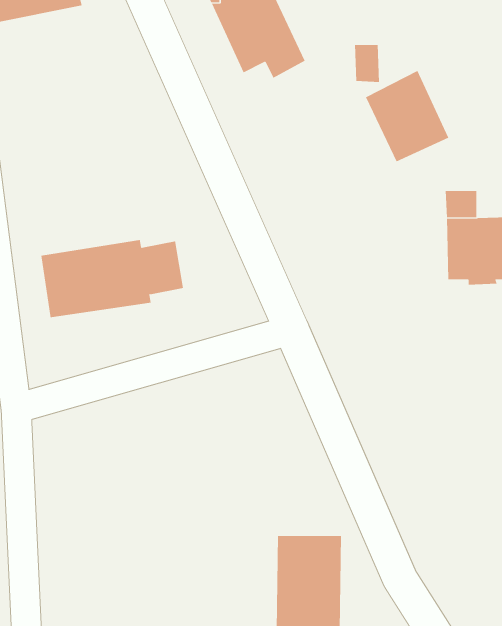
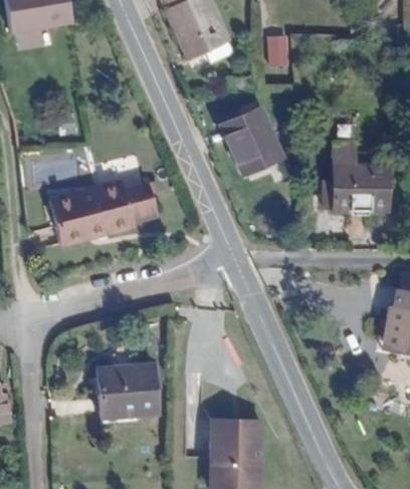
building: [365,70,449,162] -> [224,106,286,175]
building: none -> [95,365,157,420]

